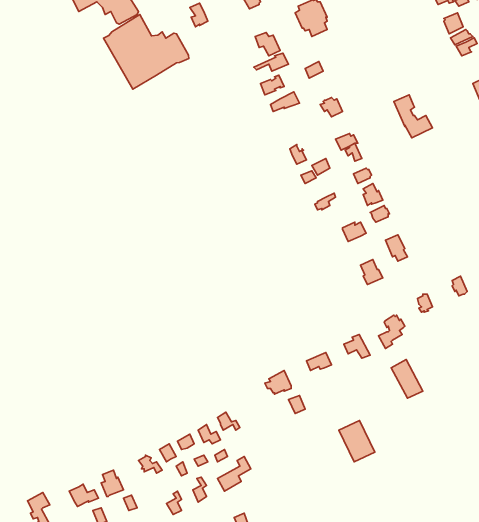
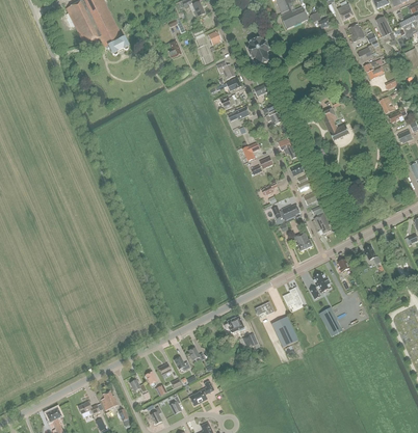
building: [103,14,189,89] -> none
building: [339,420,375,462] -> [270,316,297,347]

